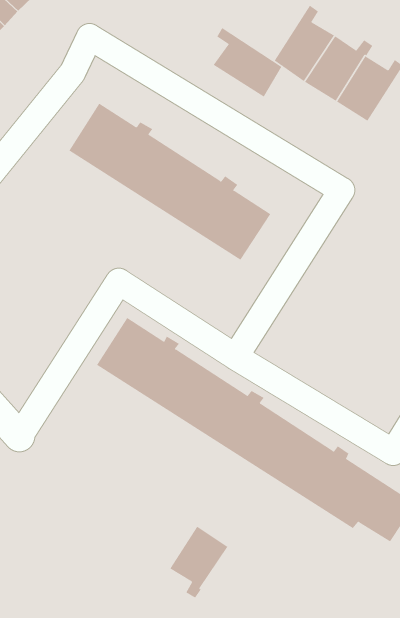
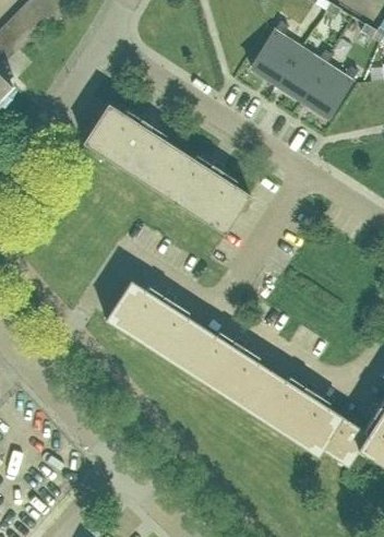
building: [213,27,282,97] -> none
building: [170,526,228,599] -> none

